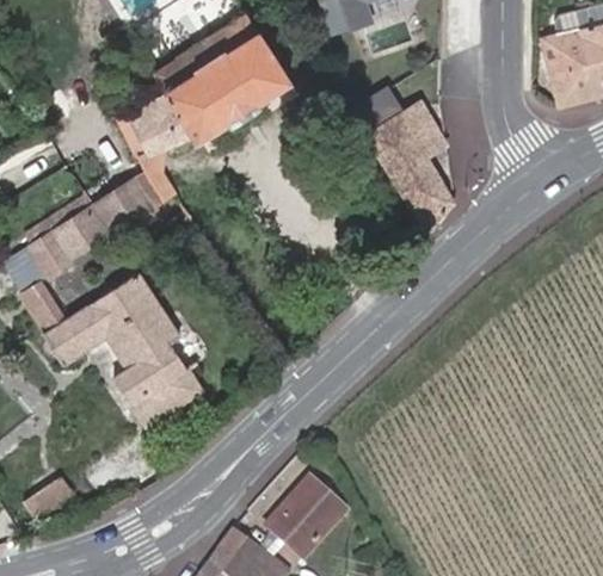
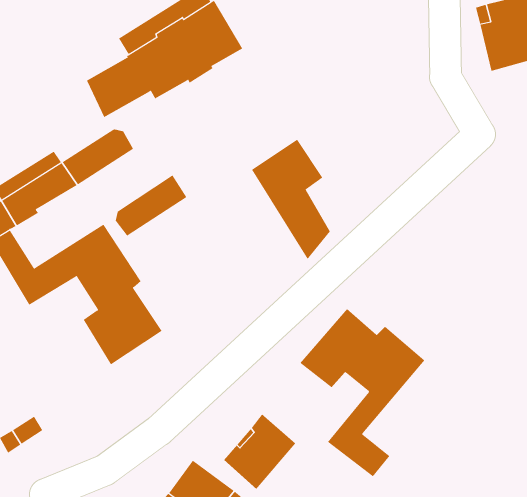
building: [369,101,455,233] -> [251,139,331,260]
building: none -> [115,174,187,237]
building: none -> [299,308,425,477]

